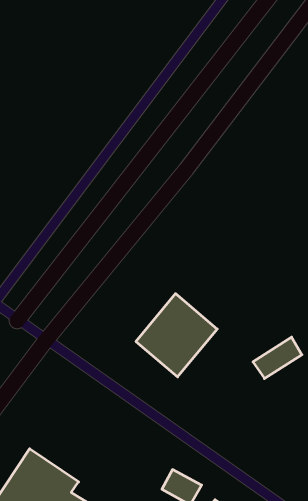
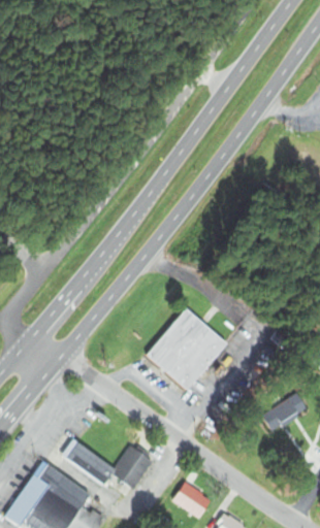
building: [253,337,302,379] -> [260,391,309,432]
building: none -> [61,439,152,490]

